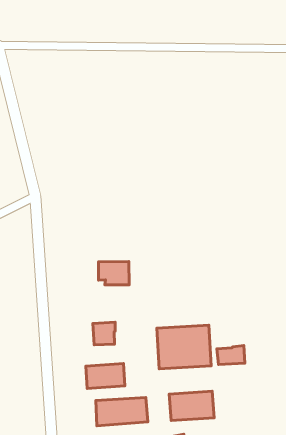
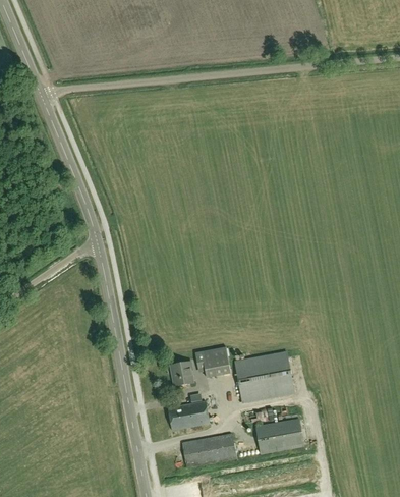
building: [98,261,129,285] -> [196,345,230,372]
building: [217,346,245,365] -> none

